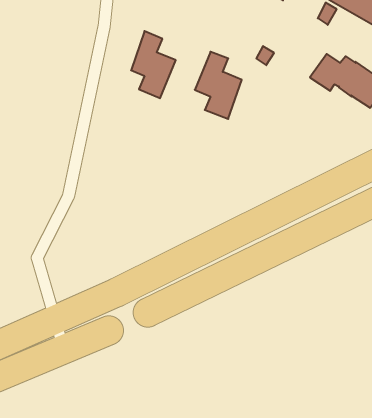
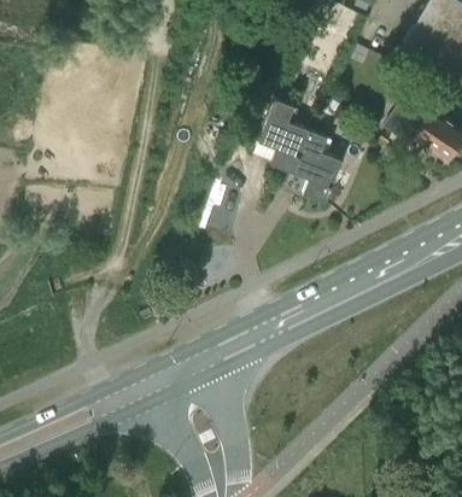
building: [131,31,176,98] -> [296,128,344,200]

